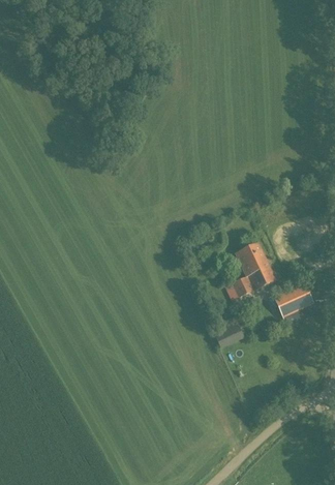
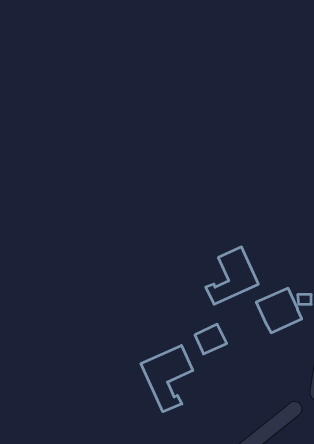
building: none -> [141,345,193,412]

